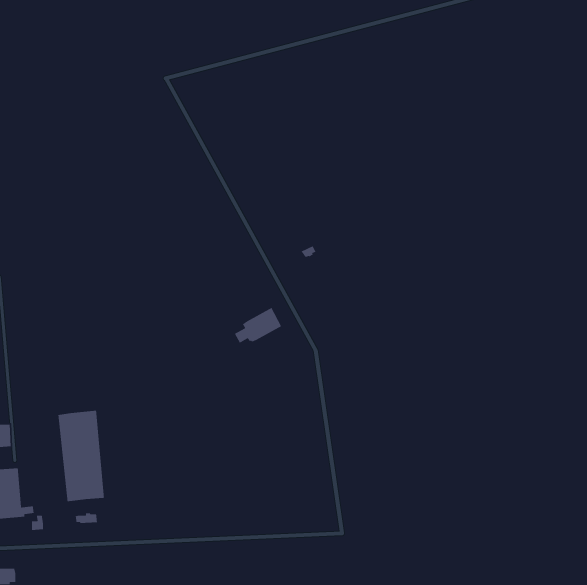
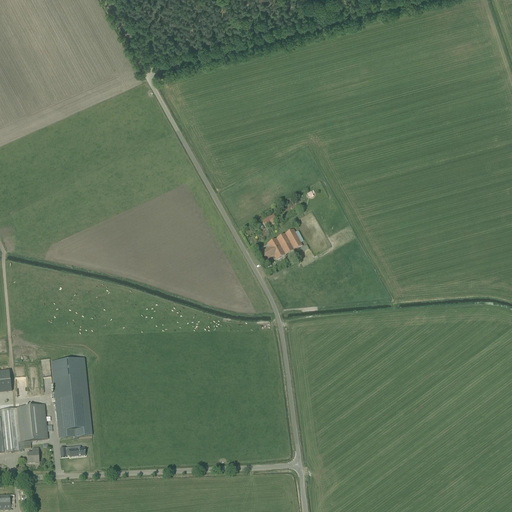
building: [234,307,282,344] -> [259,227,301,259]
building: none -> [16,403,47,440]

